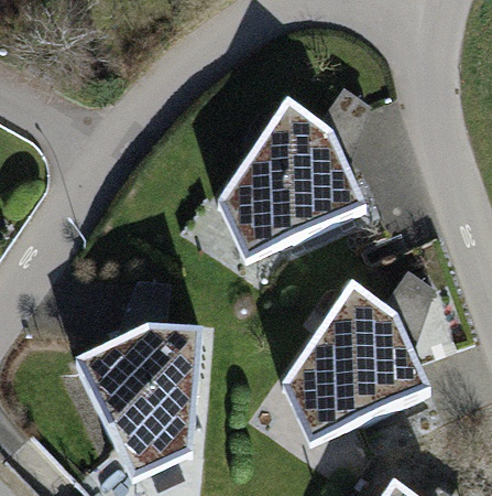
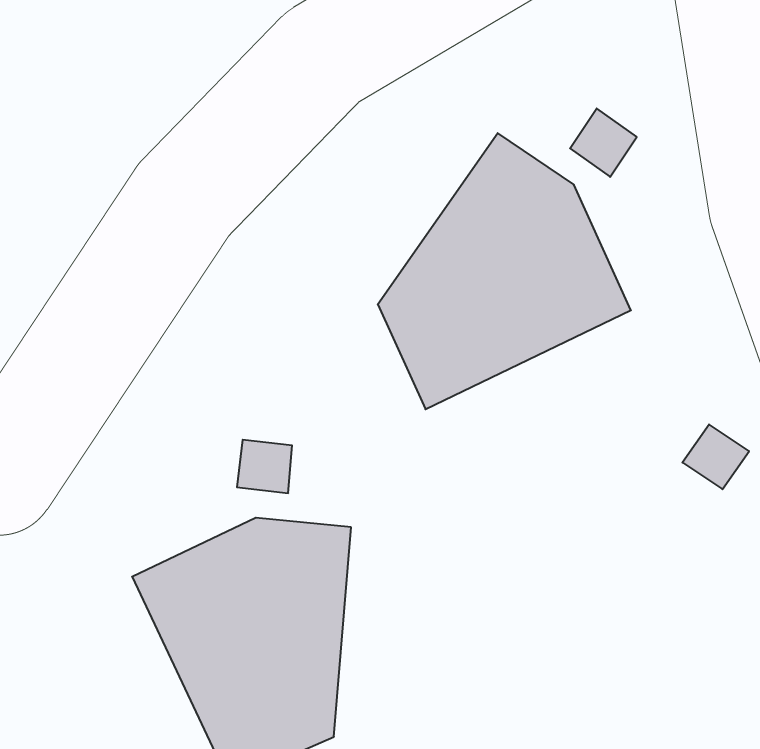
building: [284,288,431,446] -> none

